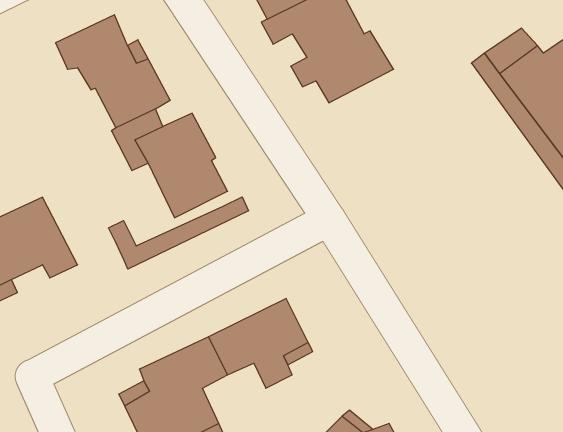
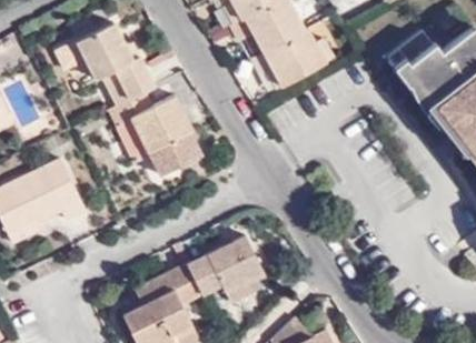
building: [108,197,248,269] -> none

